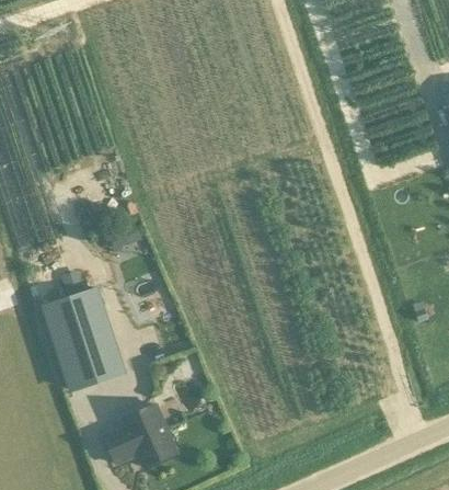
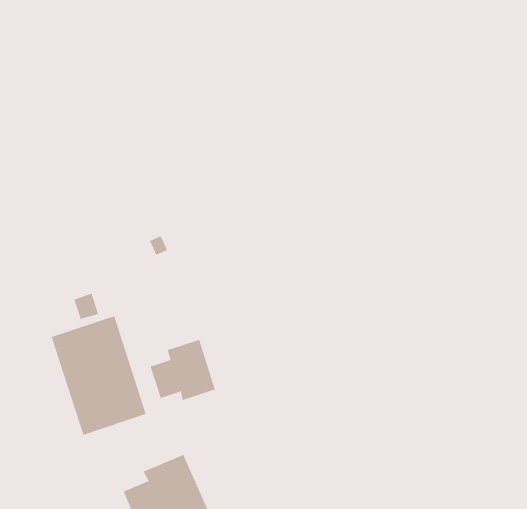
building: none -> [150,339,215,401]

